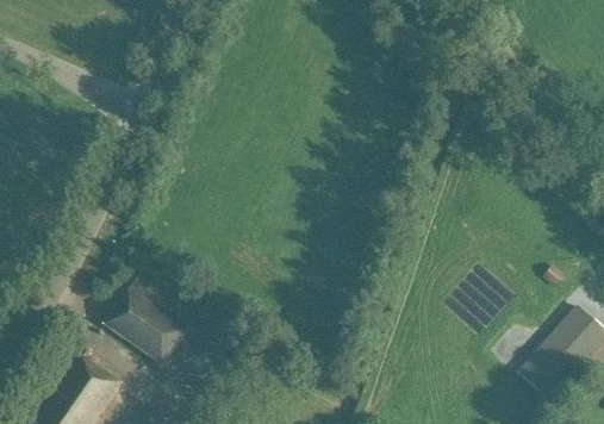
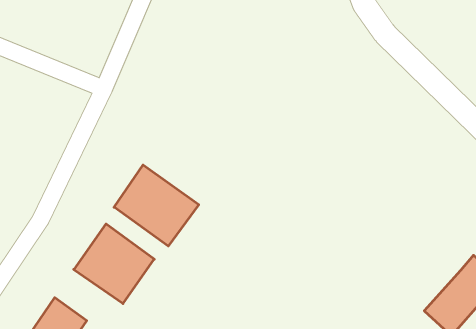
building: none -> [114,165,199,246]

